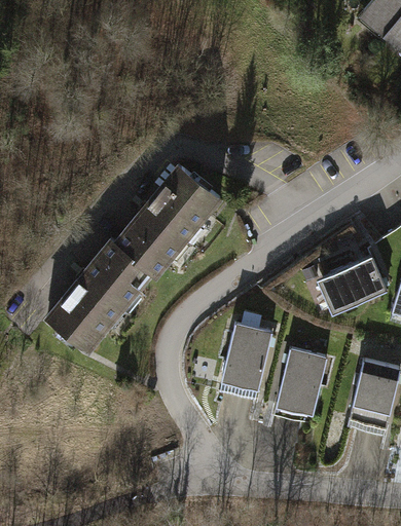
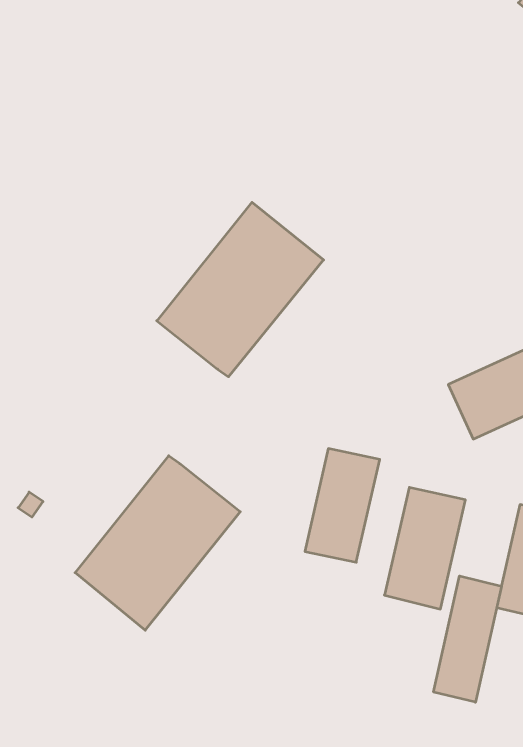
building: [53,231,162,346] -> [75,456,240,630]
building: none -> [434,576,501,702]

